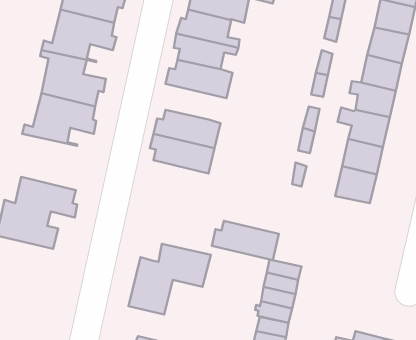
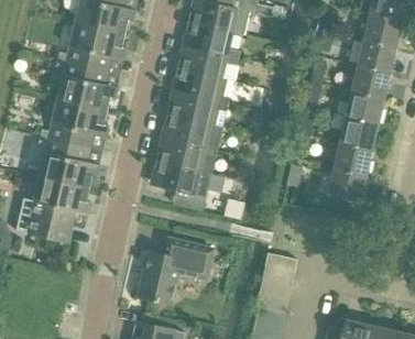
building: none -> [168,91,228,128]
building: none -> [39,138,99,189]
building: [212,221,279,260] -> [150,162,211,198]

